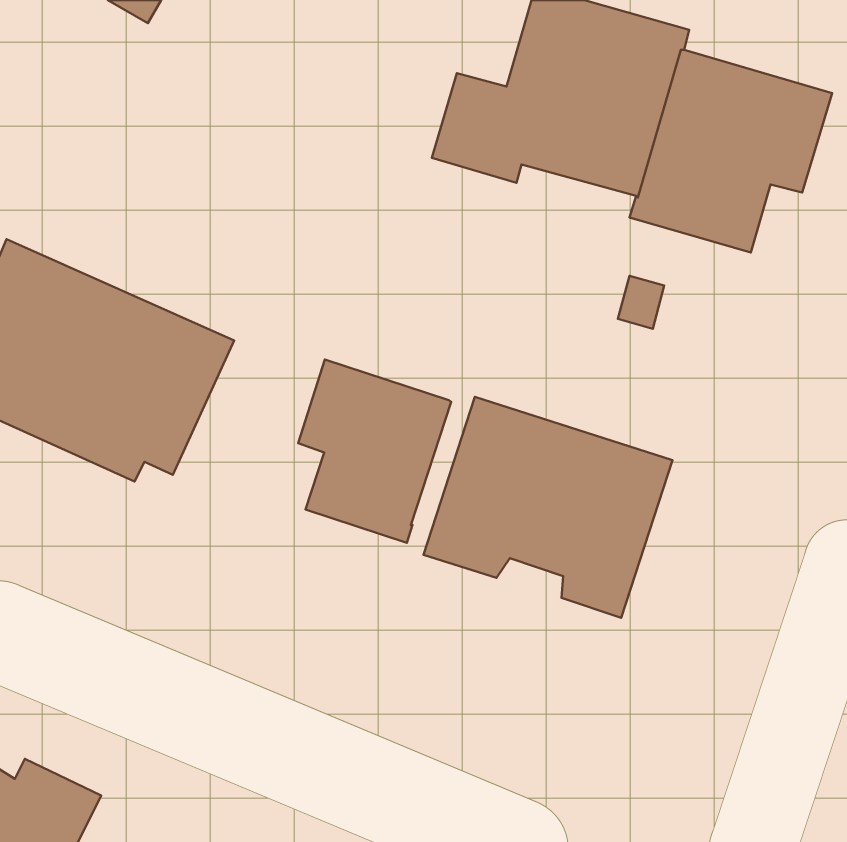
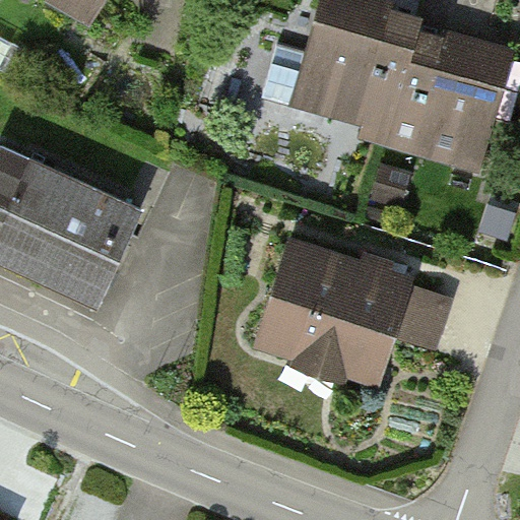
building: [298,360,451,543] -> none

